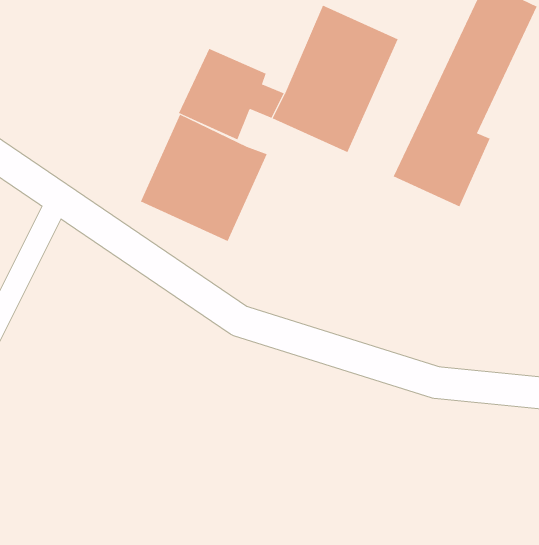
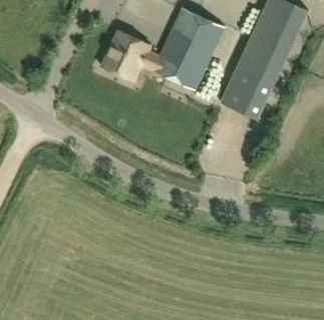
building: [140,114,267,242] -> none

